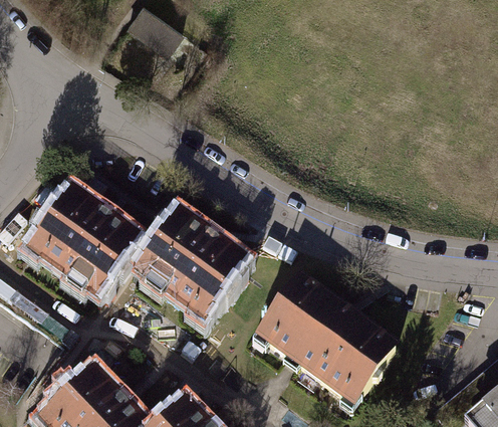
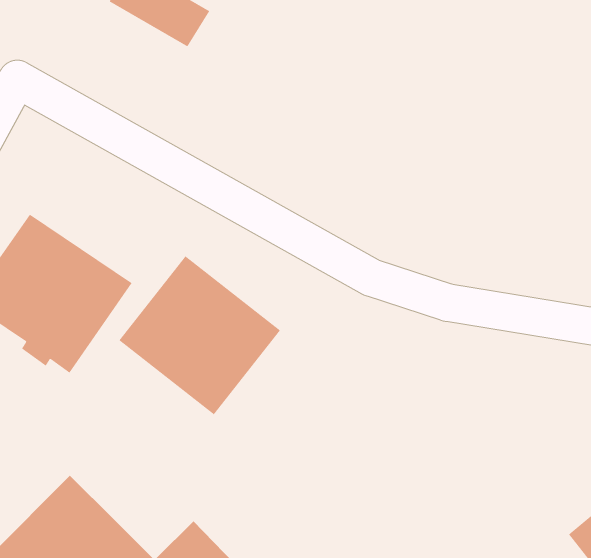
building: [255,273,401,406] -> none

